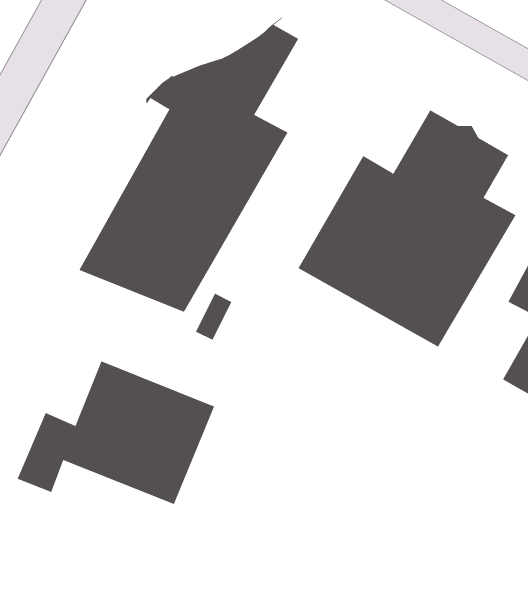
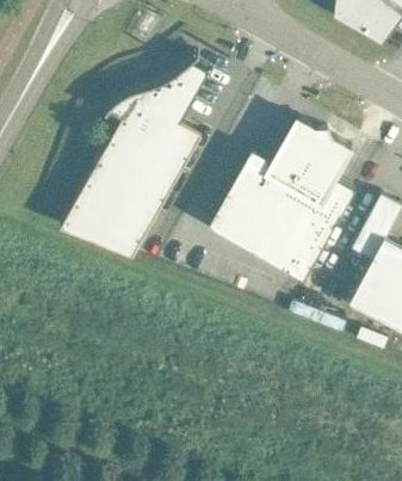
building: [17,361,215,505] -> none

